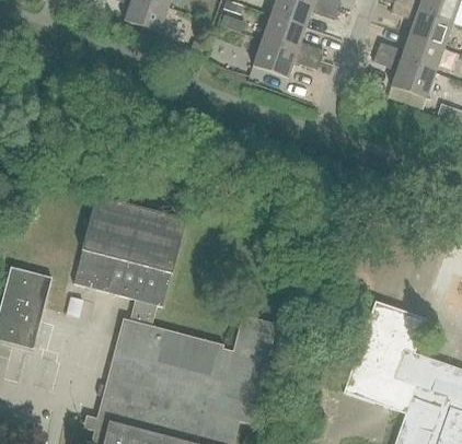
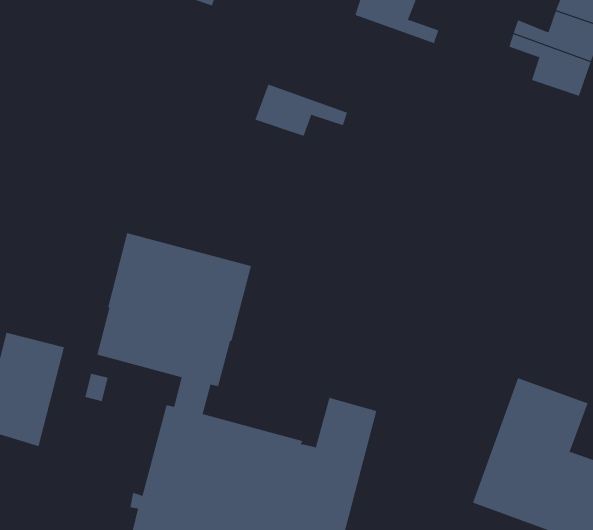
building: [252,38,320,77] -> [254,84,348,137]

